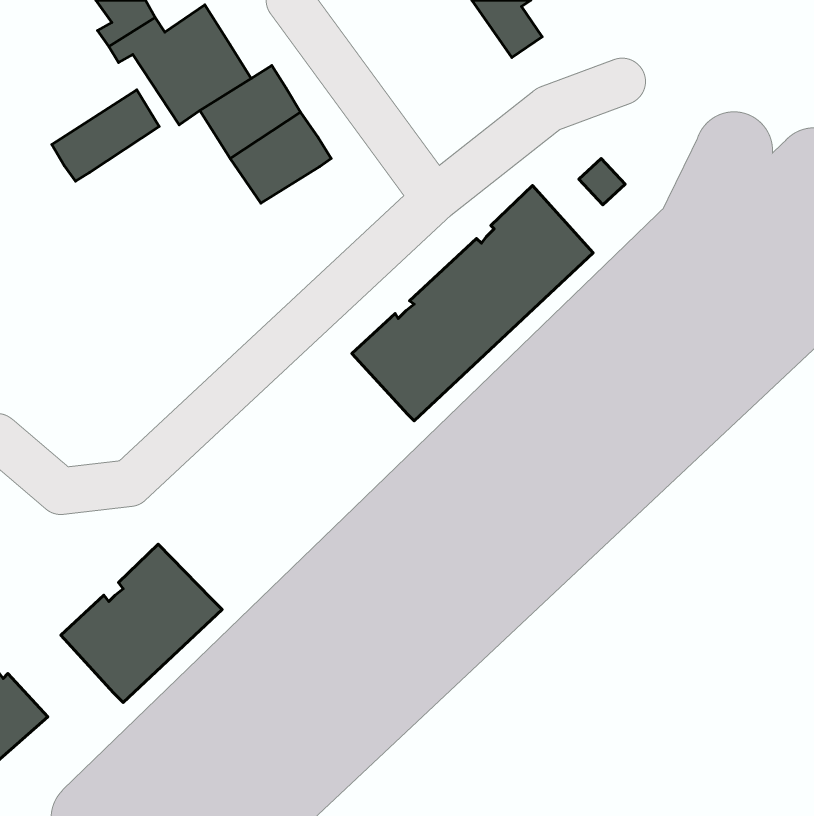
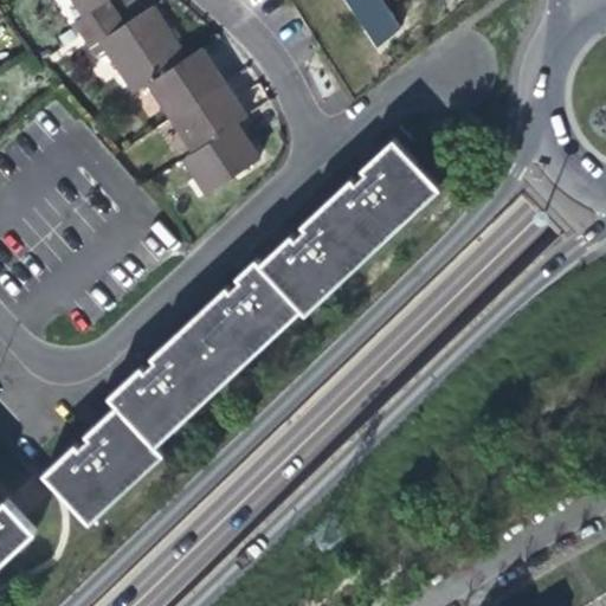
building: [52,90,159,181] -> none
building: none -> [183,124,259,193]
building: none -> [110,258,302,444]

